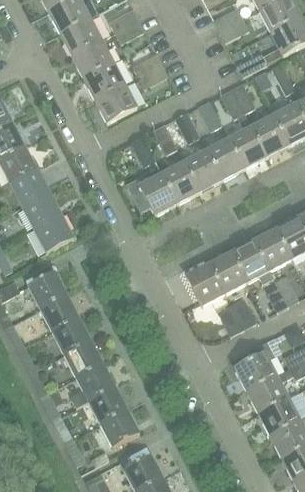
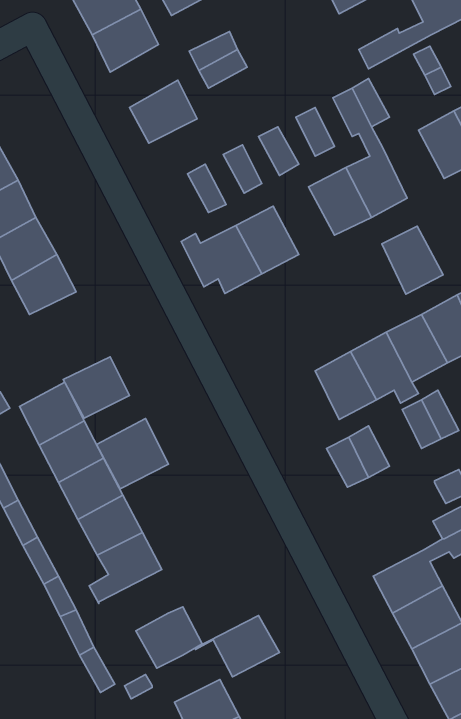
building: [82,60,124,99] -> none
building: [251,113,289,155] -> [382,226,443,294]
building: [183,148,221,190] -> none
building: [32,213,73,251] -> [63,357,130,418]
building: [185,262,224,305] -> none
building: none -> [97,418,169,489]
building: [233,339,276,389] -> none
building: [75,385,127,423] -> [195,615,279,677]

